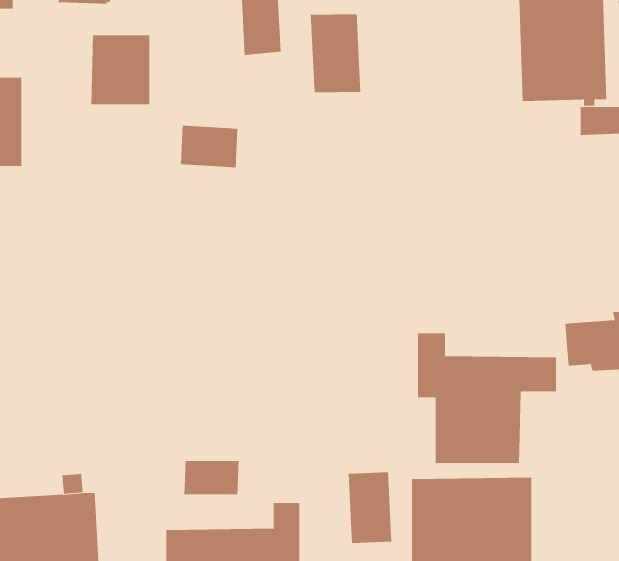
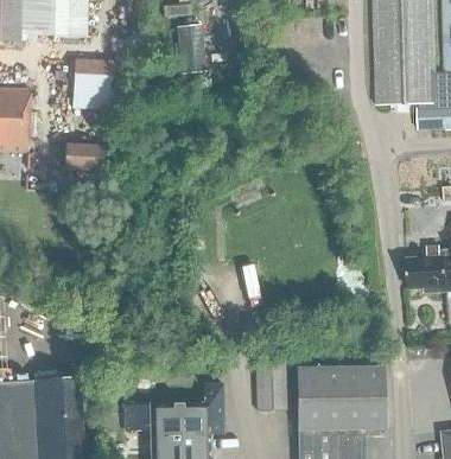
building: [310,14,361,93] -> none
building: [180,125,238,168] -> [63,144,103,173]
building: [417,332,557,464] -> none
building: [184,460,239,495] -> none

